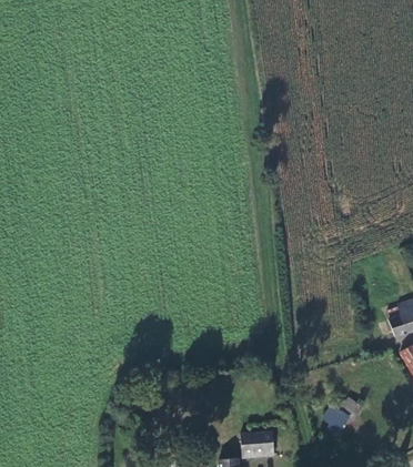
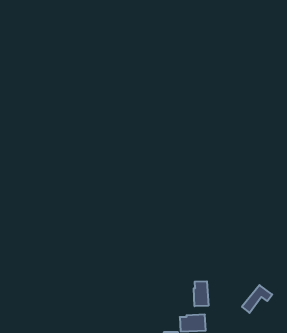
building: none -> [194,281,208,306]

